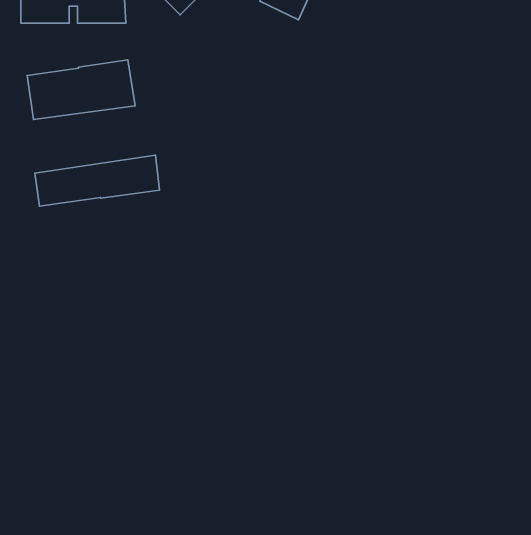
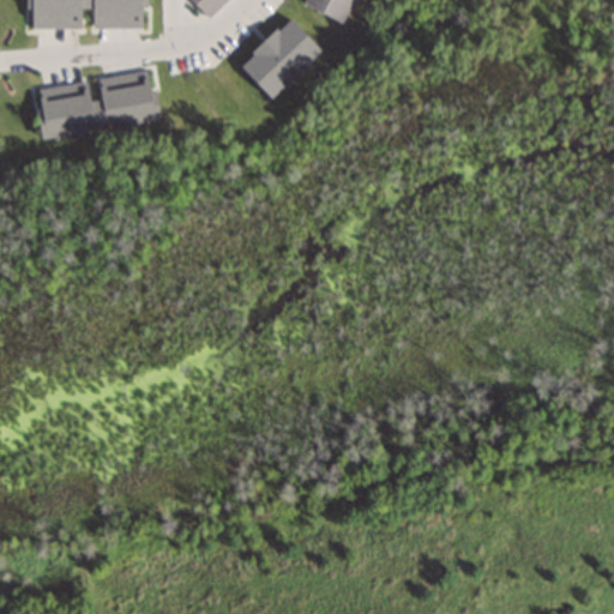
building: none -> [240,16,323,97]
building: [35,155,159,206] -> none

